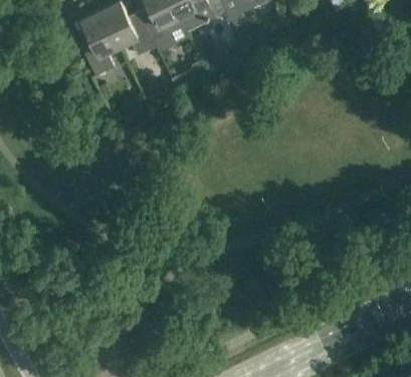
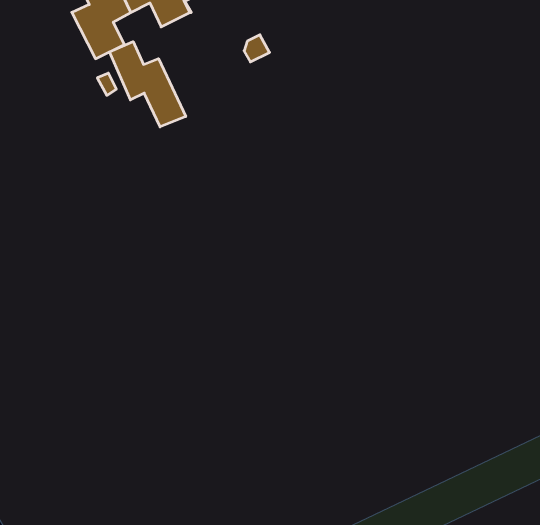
building: none -> [109,42,186,127]

